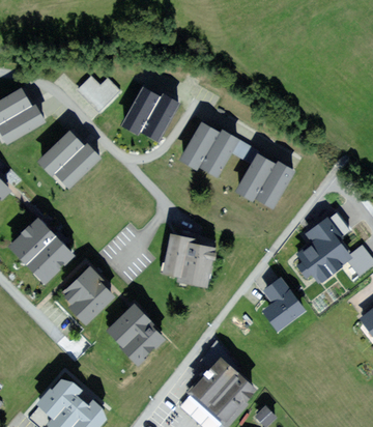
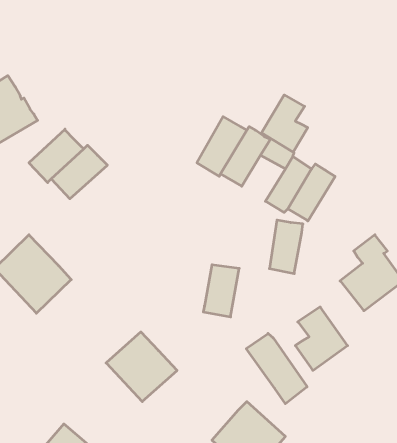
building: [77,75,120,111] -> none
building: [121,87,176,142] -> none
building: none -> [261,95,308,152]
building: [164,233,192,278] -> [269,220,303,274]
building: [57,266,114,324] -> none
building: none -> [246,333,307,404]

